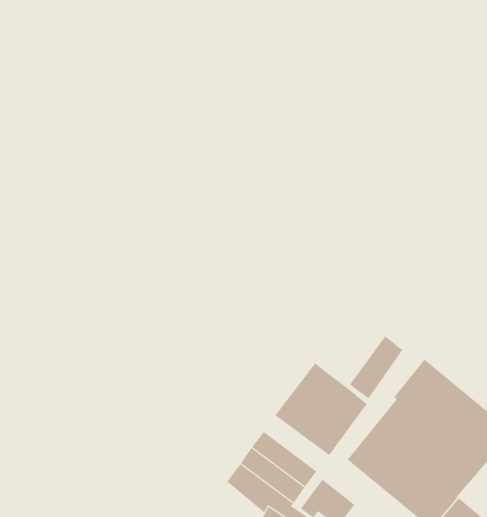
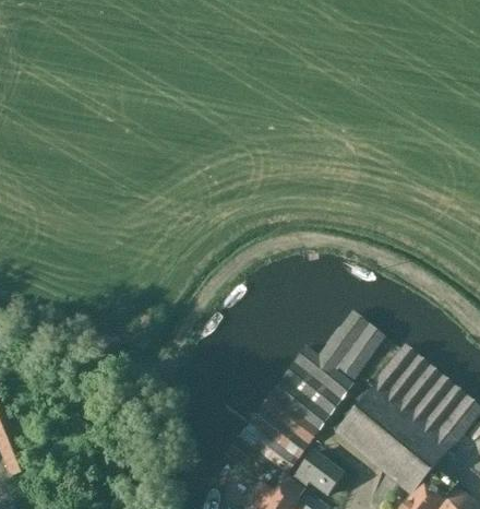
building: none -> [319,310,369,368]
building: none -> [261,393,320,443]

